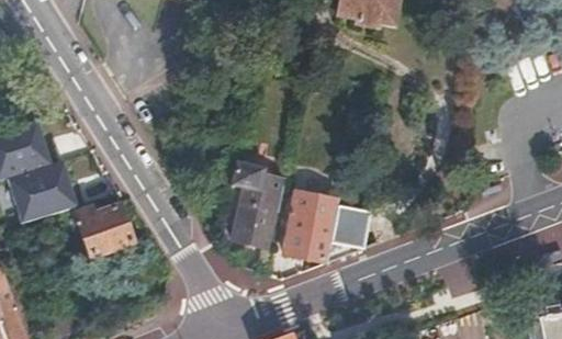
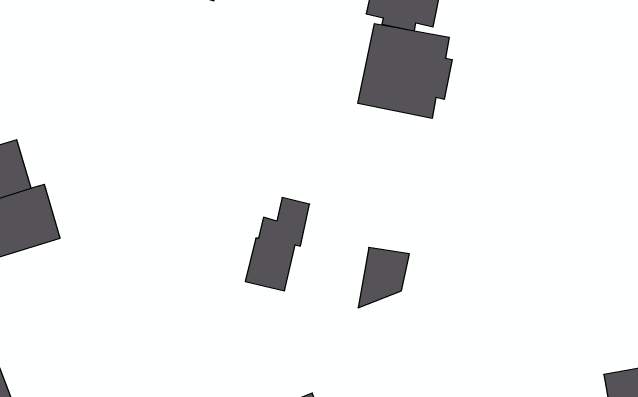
building: none -> [358,24,452,118]
building: [282,193,337,261] -> none
building: [77,197,136,251] -> none

